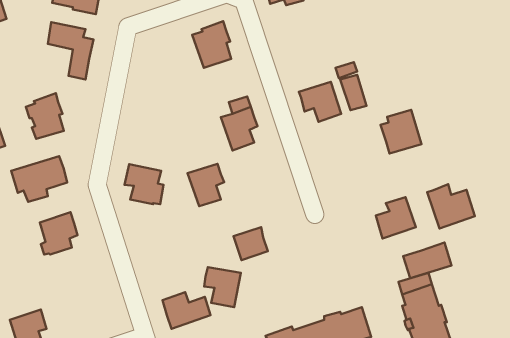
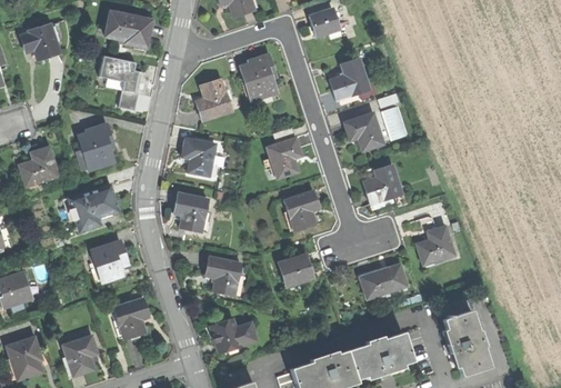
building: none -> [330,59,370,101]
building: none -> [197,80,232,121]
building: none -> [182,139,219,178]
building: [380,110,422,153] -> [364,168,404,210]
building: [188,164,224,206] -> [285,191,321,232]
building: [427,184,475,228] -> none
building: [403,243,451,278] -> [361,265,408,299]
building: [204,267,241,307] -> [207,257,242,296]
building: none -> [114,297,150,339]

